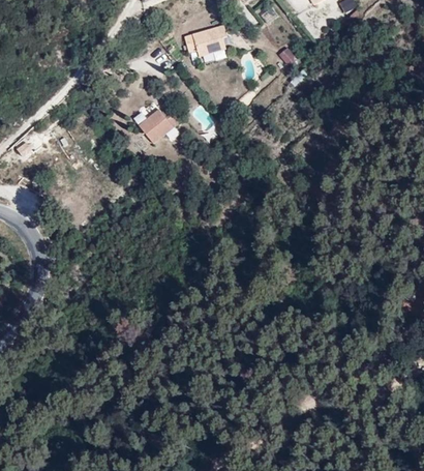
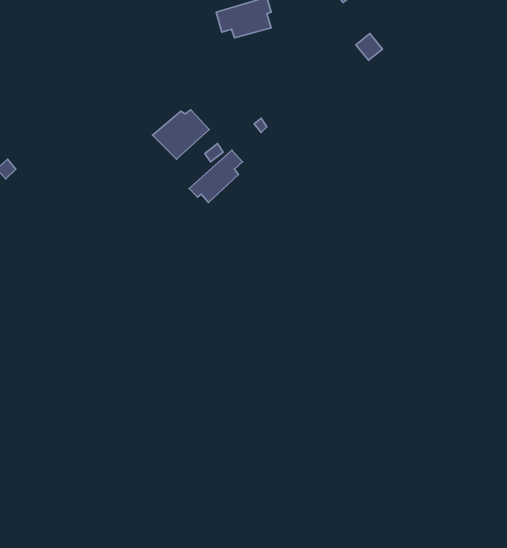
building: none -> [189,150,243,203]

